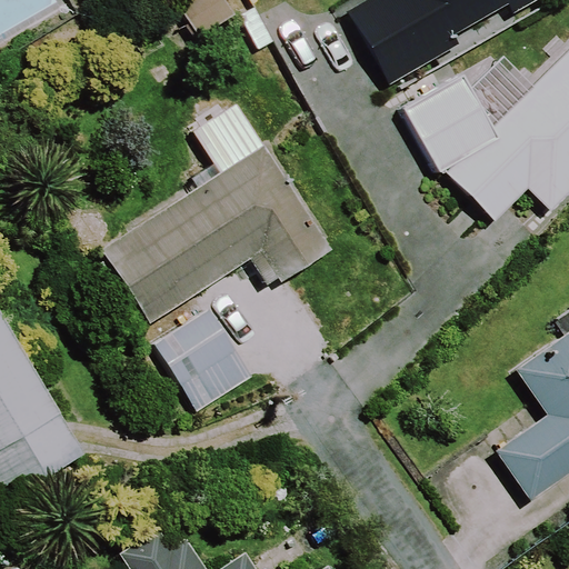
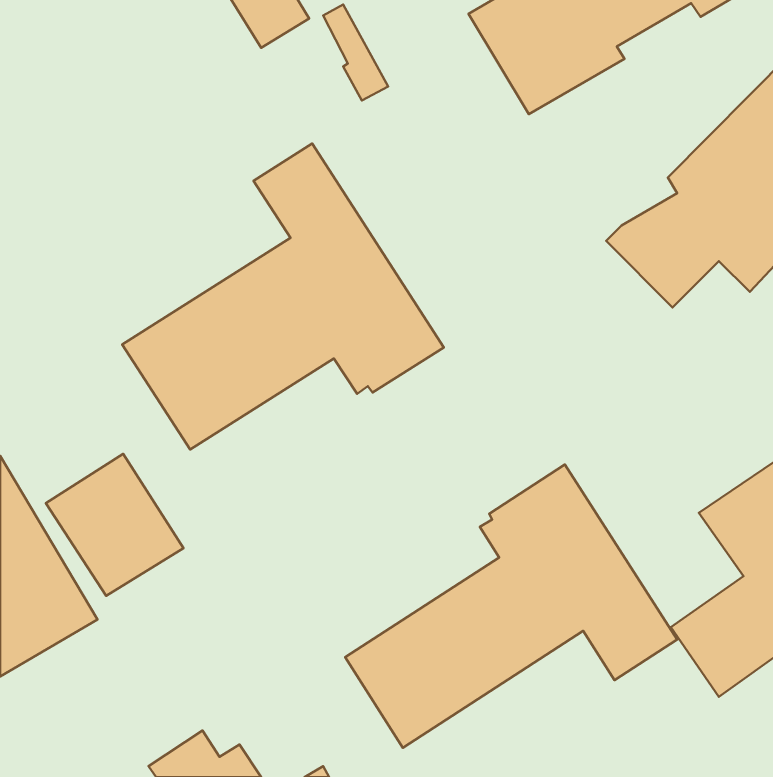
building: [401,76,499,173] -> none
building: [157,307,256,409] -> [46,454,183,596]
building: none -> [345,464,677,748]

